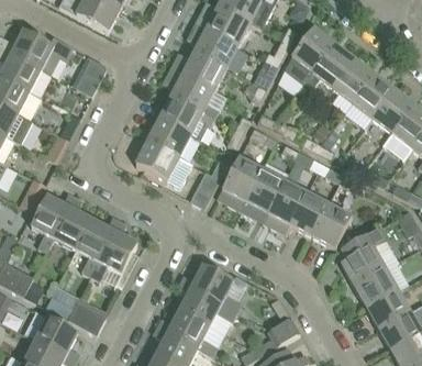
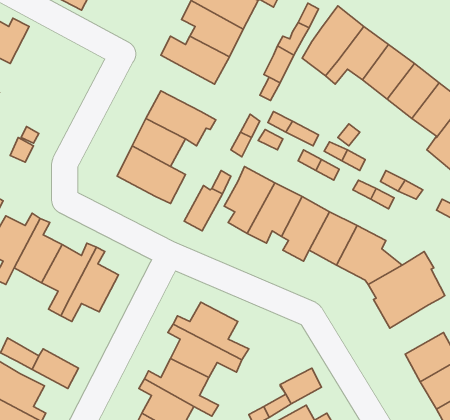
building: [76,58,106,97] -> none
building: [163,68,220,120] -> none
building: [355,268,398,308] -> none

